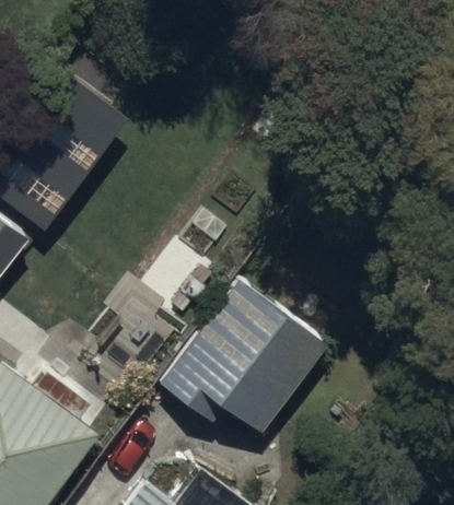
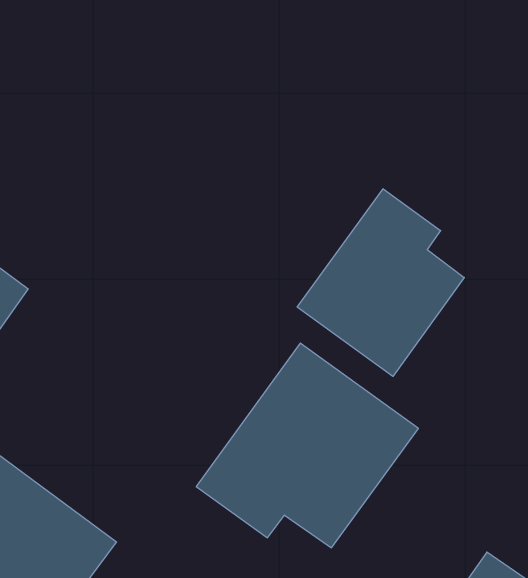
building: none -> [297,189,464,376]

